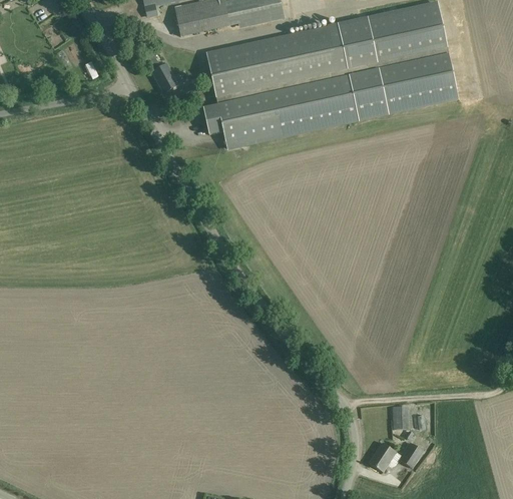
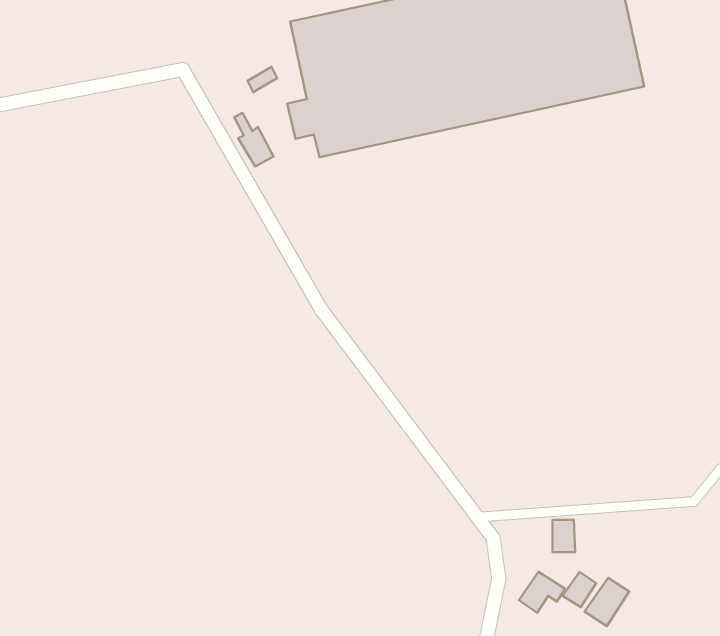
building: [149,53,177,91] -> [234,113,274,166]
building: none -> [584,578,629,626]

